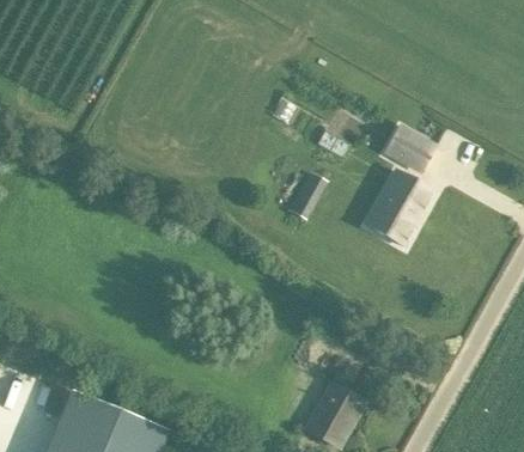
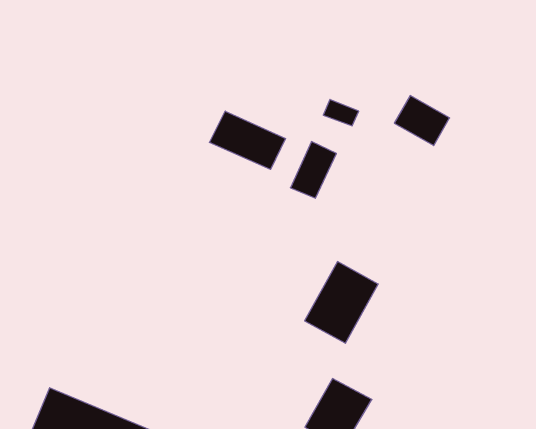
building: none -> [209,111,285,169]
building: [367,171,434,245] -> [305,262,378,343]

